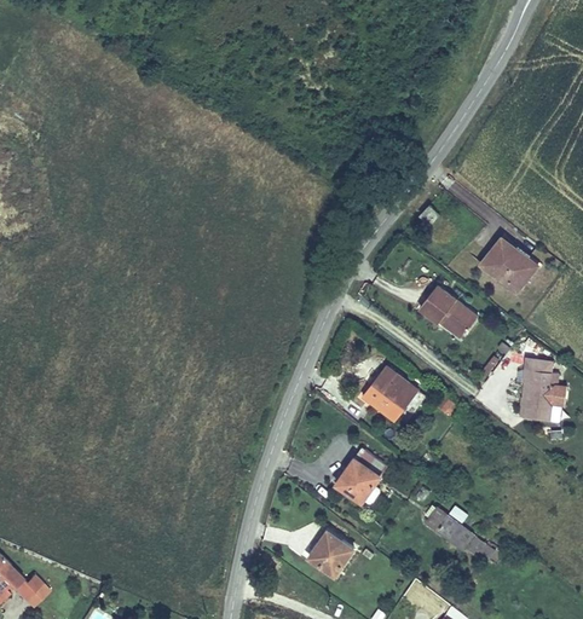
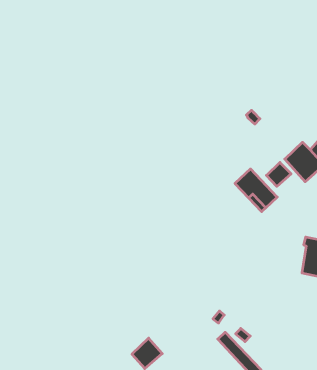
building: none -> [266,162,291,186]
building: [365,365,415,416] -> none
building: [336,456,383,505] -> none

